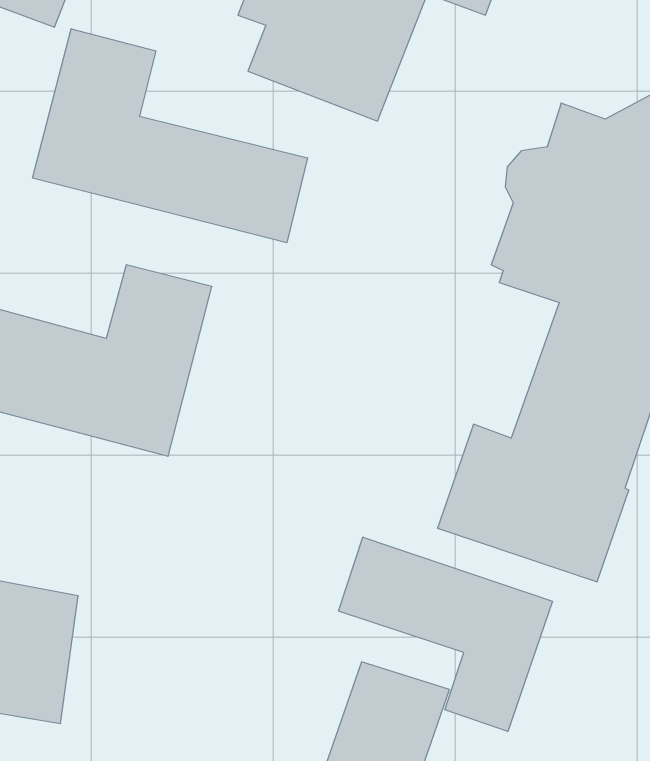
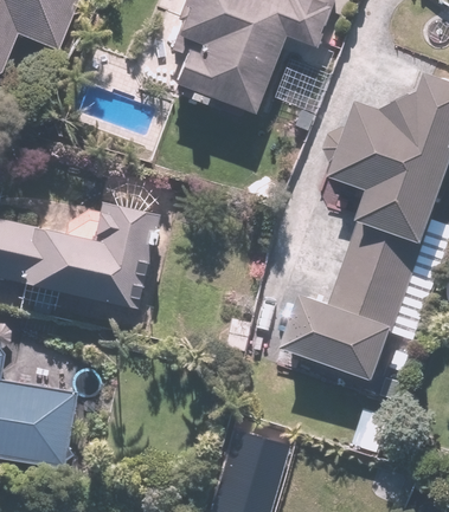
building: [33,29,308,243] -> none
building: [338,537,553,732] -> none

